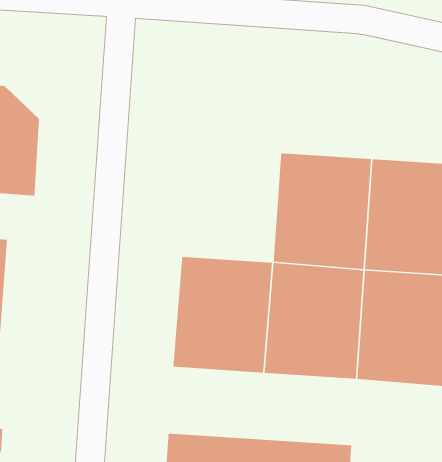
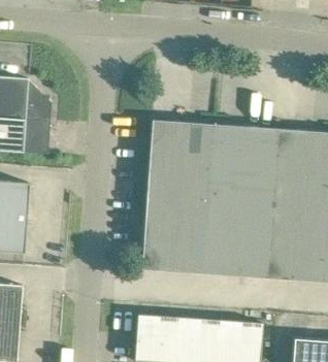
building: none -> [146,120,214,199]

